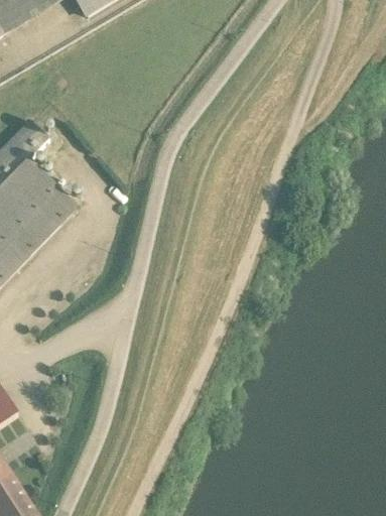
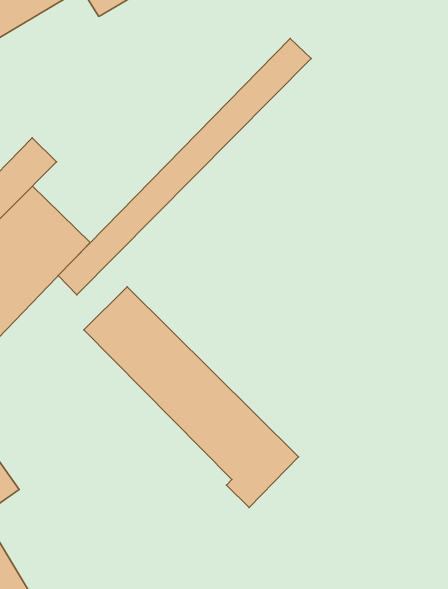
building: none -> [58,39,311,295]
building: none -> [84,287,299,508]

